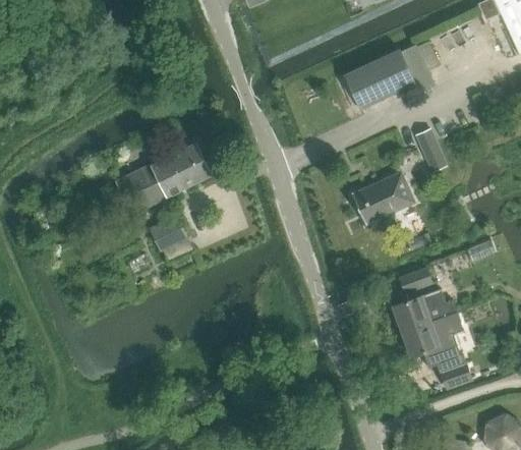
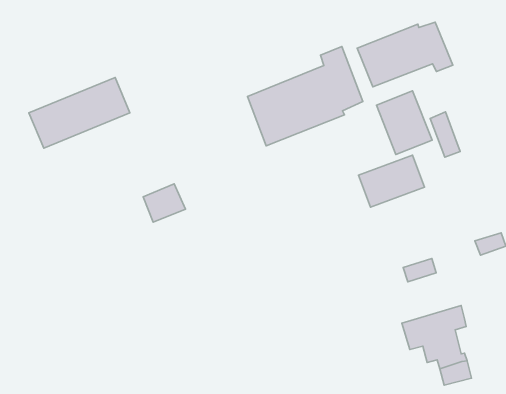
building: none -> [247,47,363,146]
building: none -> [376,91,432,155]
building: [116,143,212,214] -> [29,77,130,148]
building: [393,289,457,332] -> none

